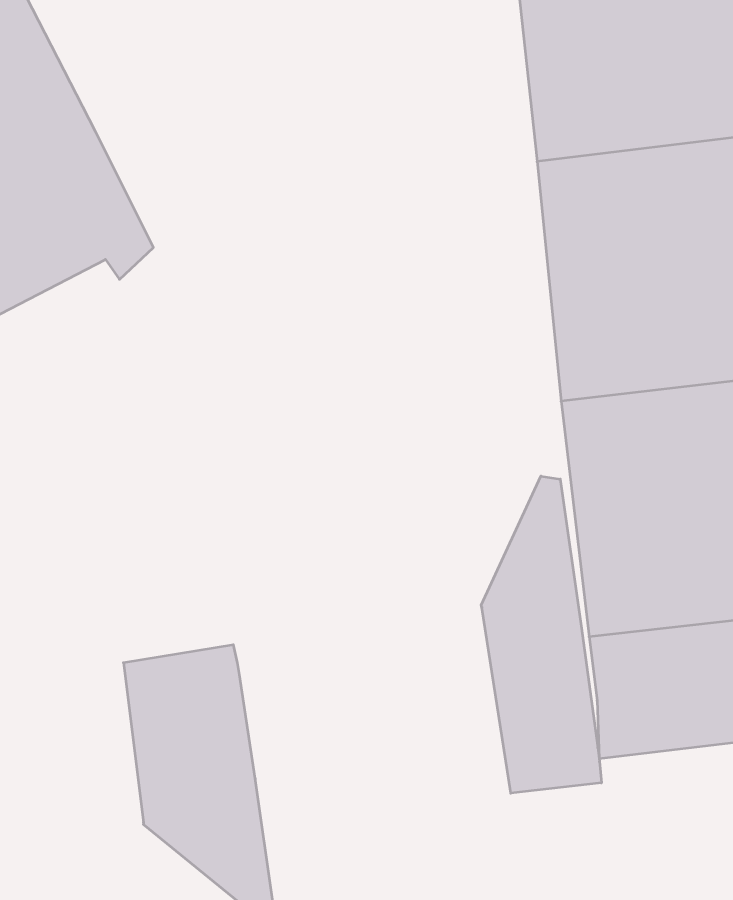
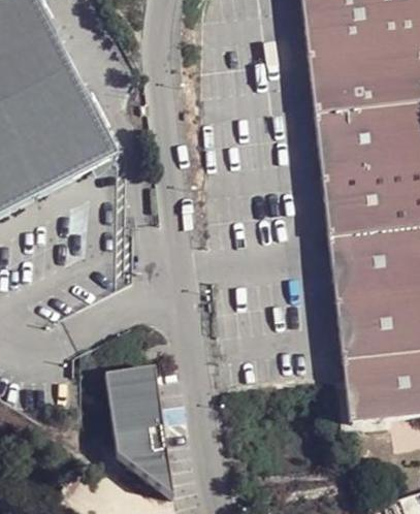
building: [481,476,601,793] -> none

